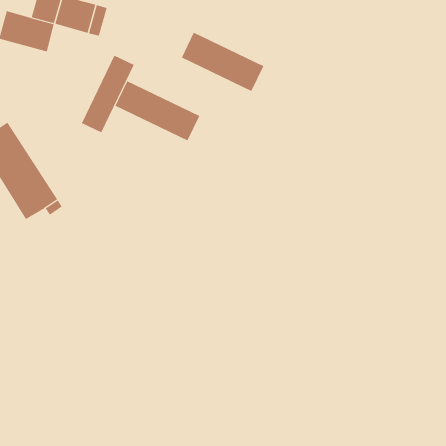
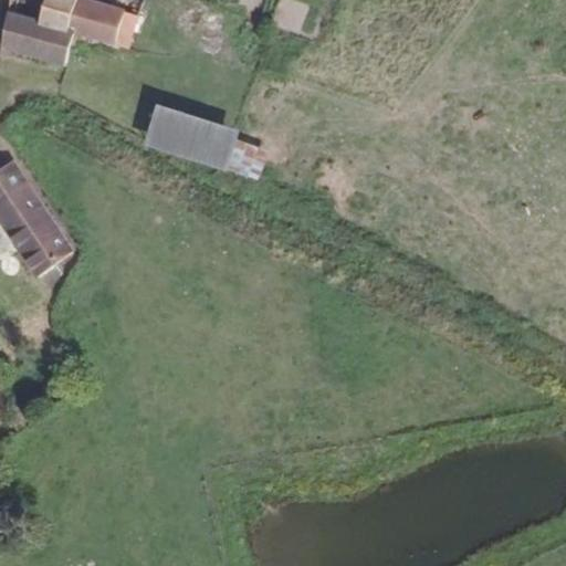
building: [181,32,264,92] -> none
building: [81,55,134,133] -> none

